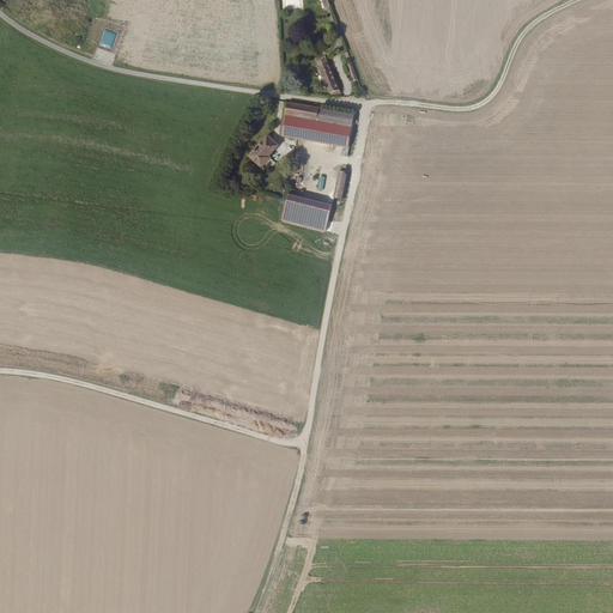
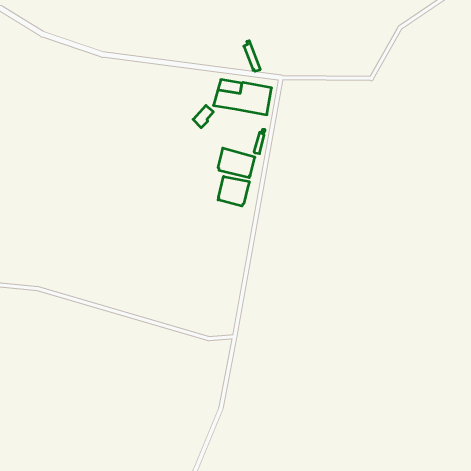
building: none -> [218,176,249,206]

